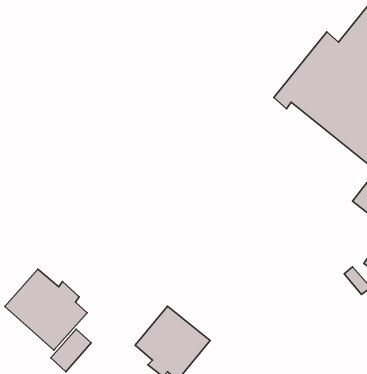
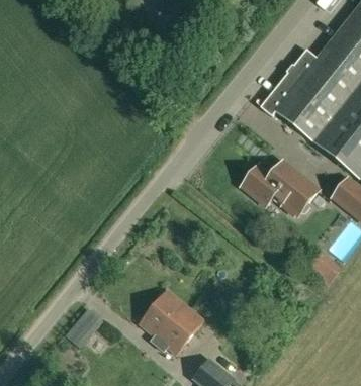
building: none -> [240,163,317,213]
building: [5,269,87,350] -> none

